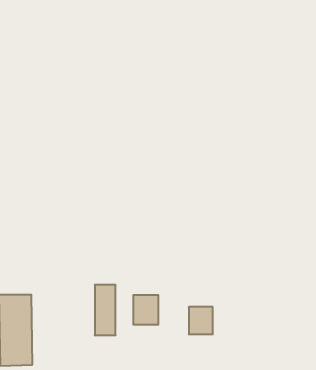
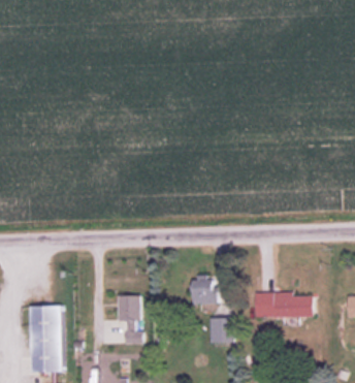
building: none -> [255,293,312,317]
building: [133,295,158,325] -> [192,277,216,305]

